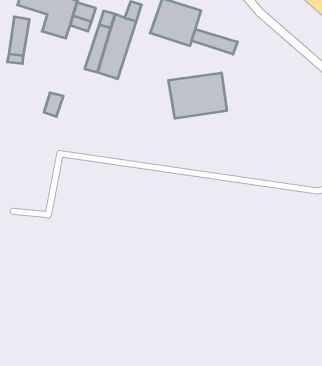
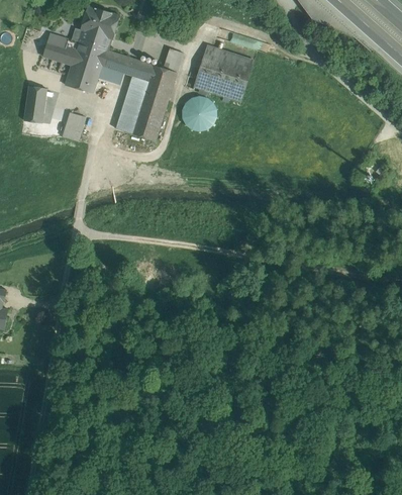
building: [192,29,237,54] -> none
building: none -> [181,100,213,132]
building: [168,73,227,118] -> none
building: [44,93,63,117] -> [62,112,85,140]

